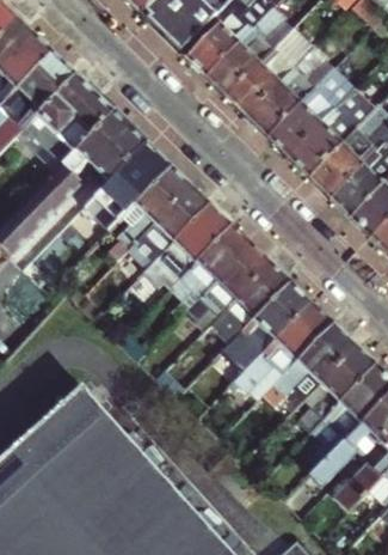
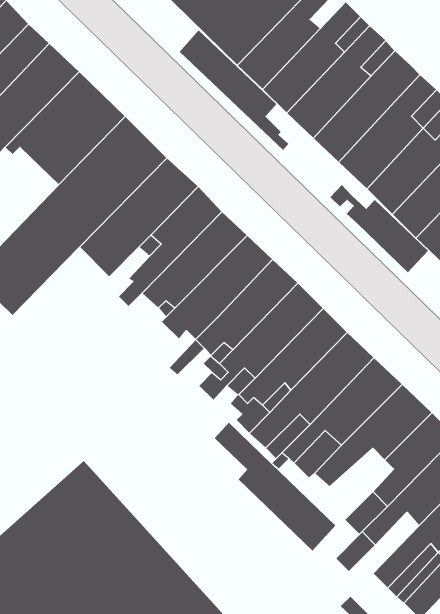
building: none -> [179,30,289,151]
building: none -> [329,184,429,273]
building: none -> [214,422,336,551]

